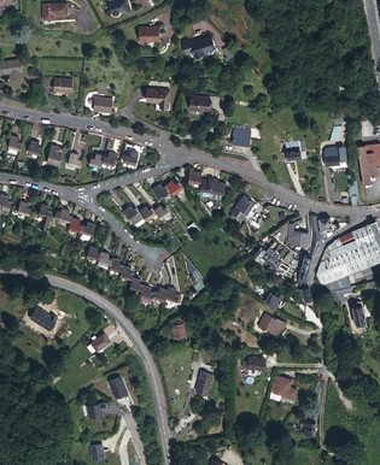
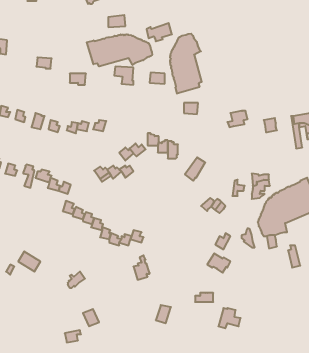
building: none -> [170,34,202,94]
building: none -> [87,34,152,66]

